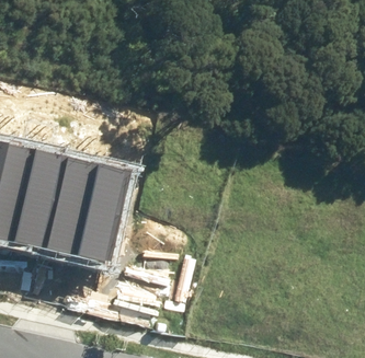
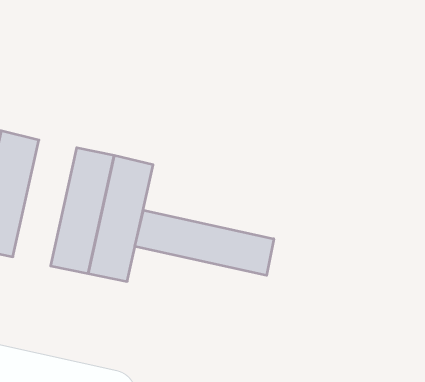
building: [13,148,67,254] -> none
building: none -> [135,210,274,275]

